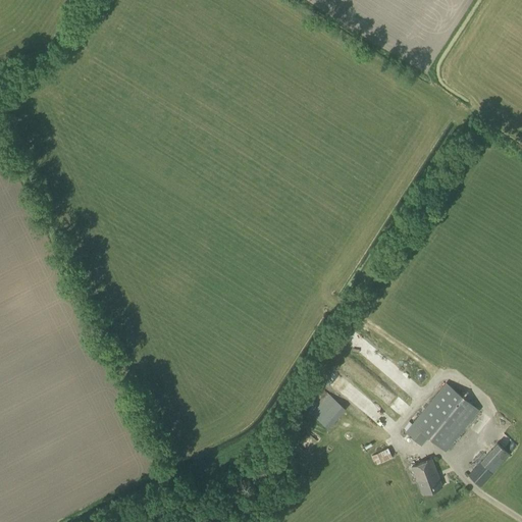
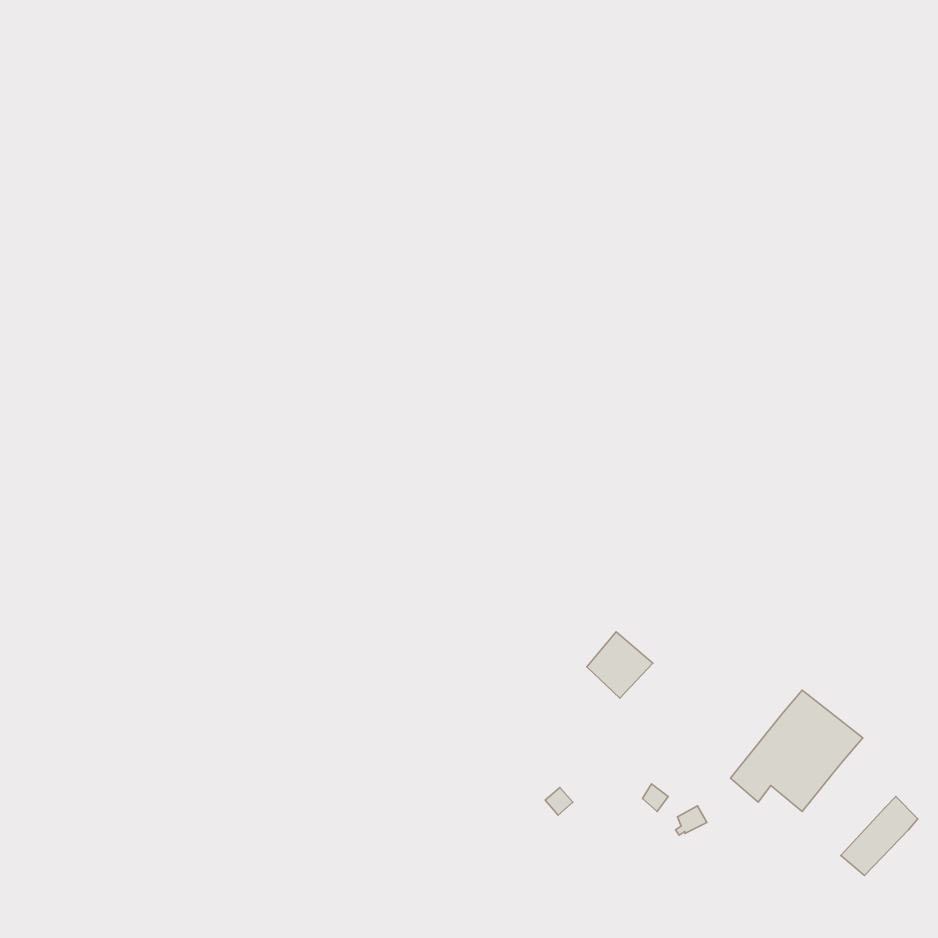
building: [309,392,346,428] -> [587,632,653,698]
building: [411,458,441,493] -> none

